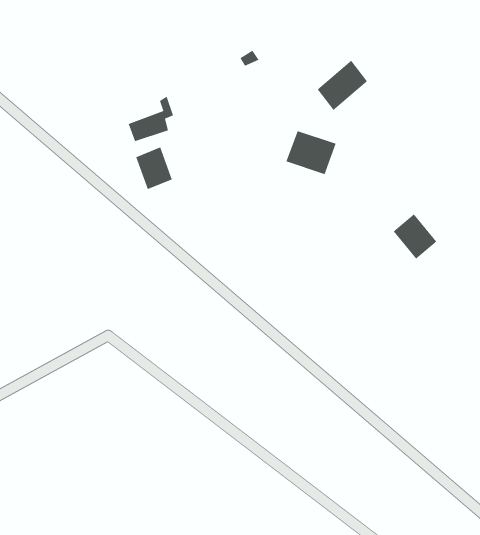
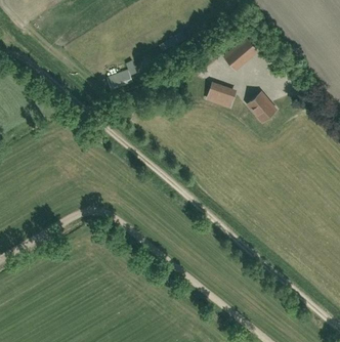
building: [135,147,173,190] -> none
building: [393,214,437,259] -> [247,93,274,122]

